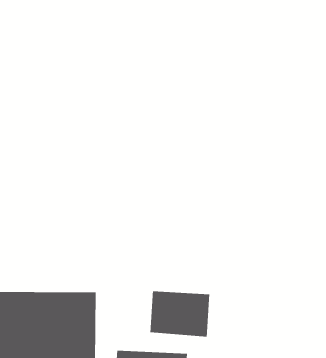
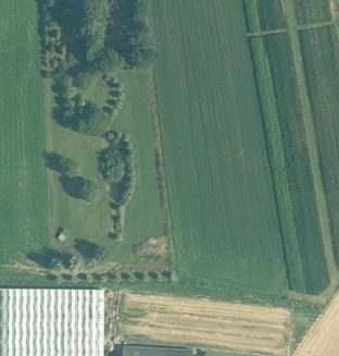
building: [150,290,210,338] -> none

